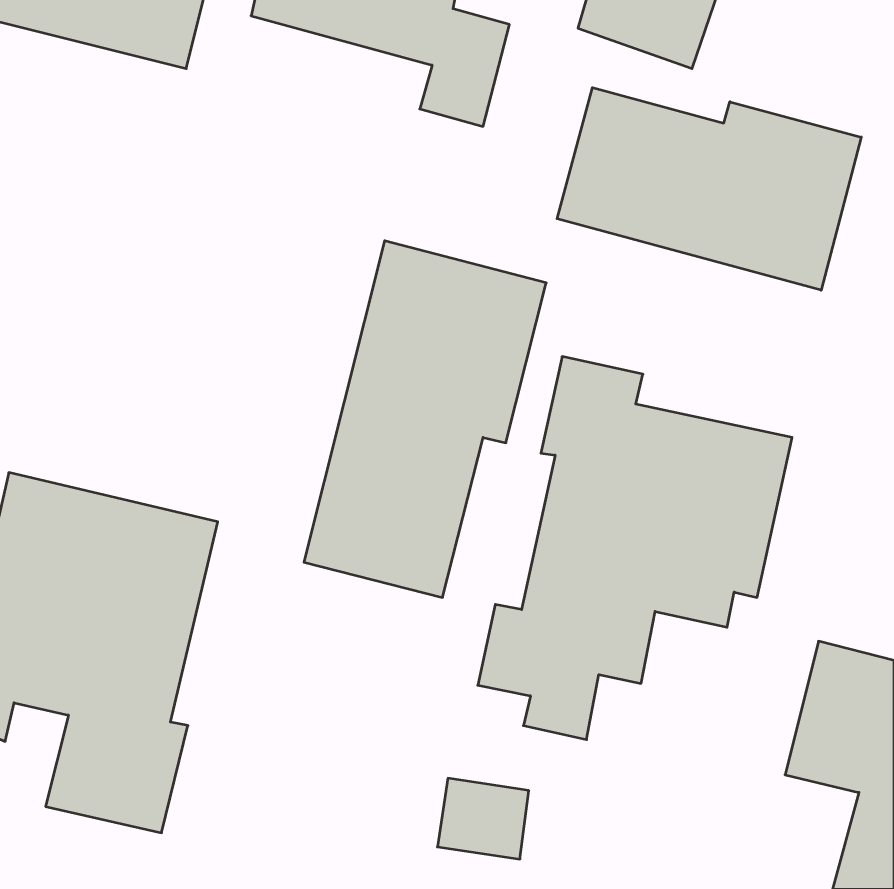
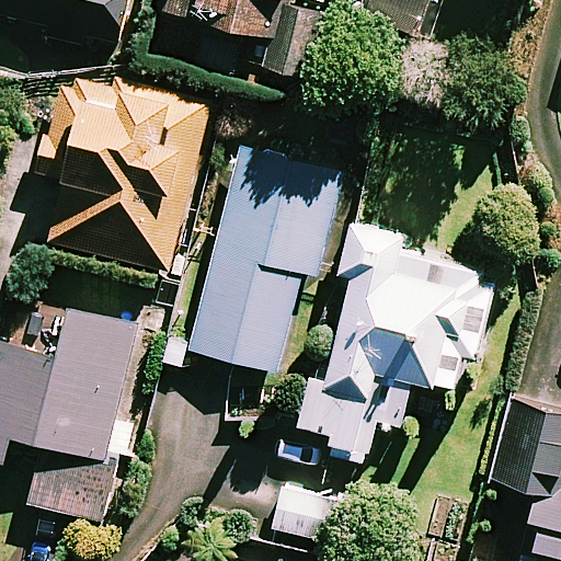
building: [557,88,861,290] -> none
building: none -> [38,78,209,271]

